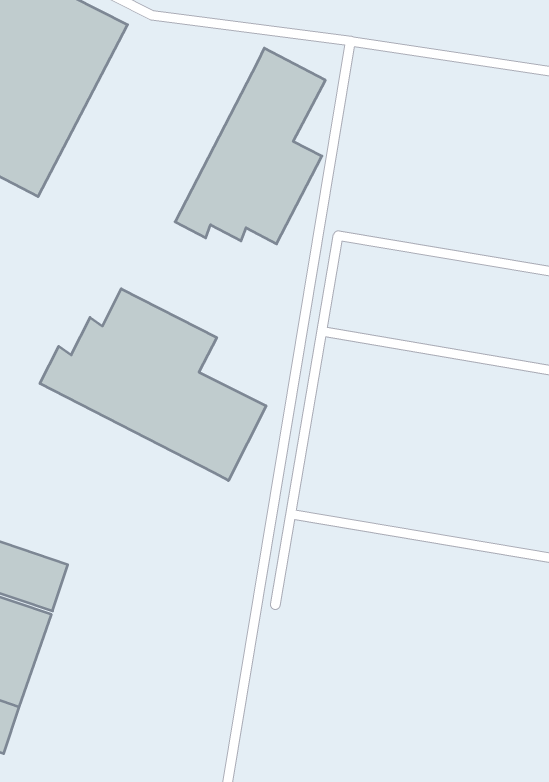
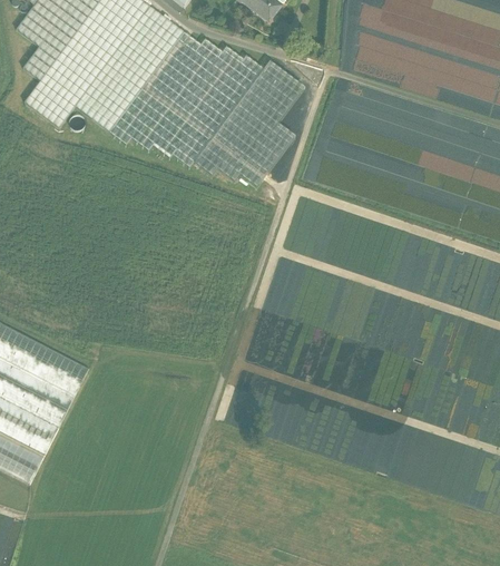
building: none -> [107,29,261,164]
building: [40,289,266,481] -> none

